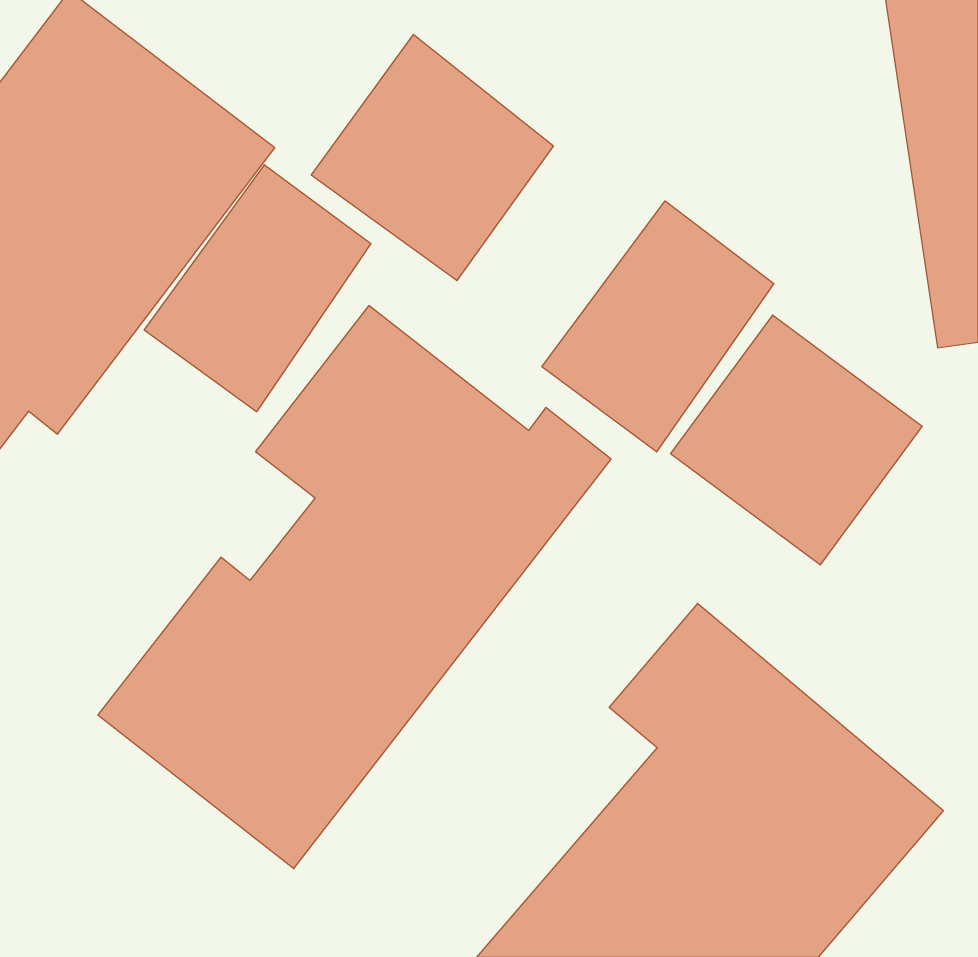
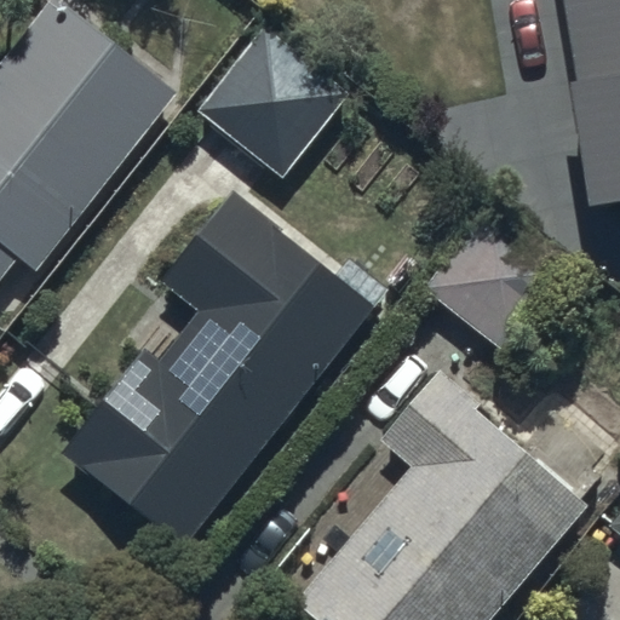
building: [144,165,371,412] -> none
building: [542,201,774,452] -> none

